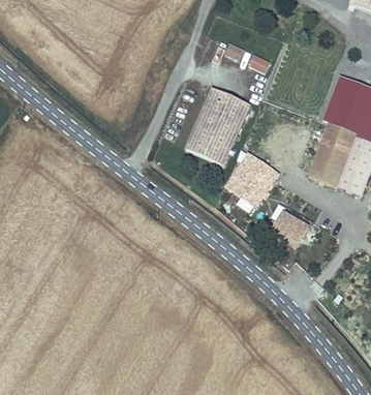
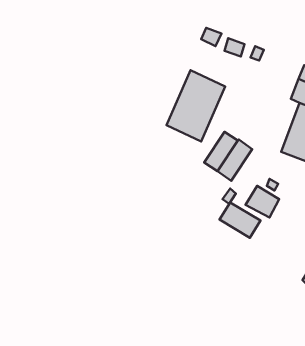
building: none -> [220,202,260,238]

